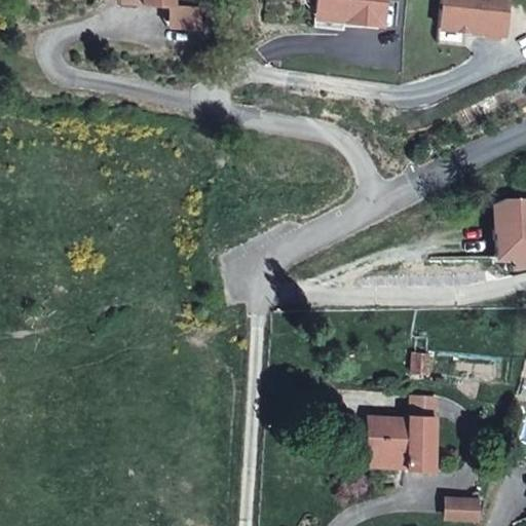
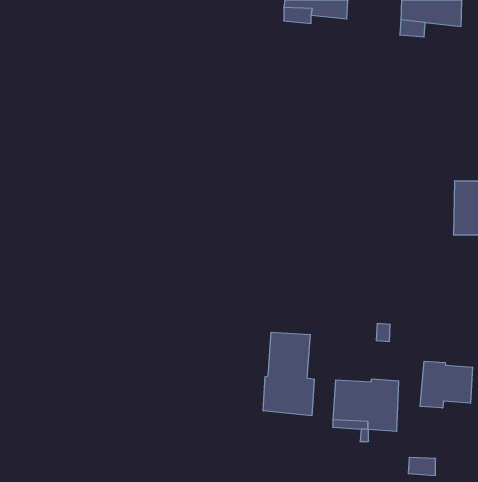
building: none -> [263,332,314,416]
building: none -> [420,361,473,408]

